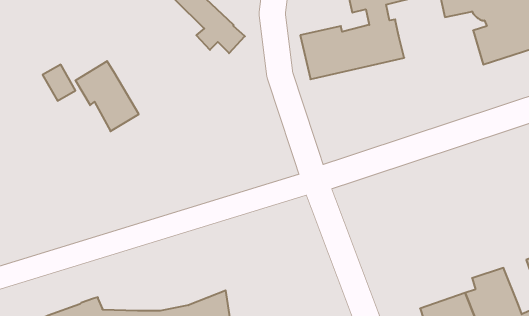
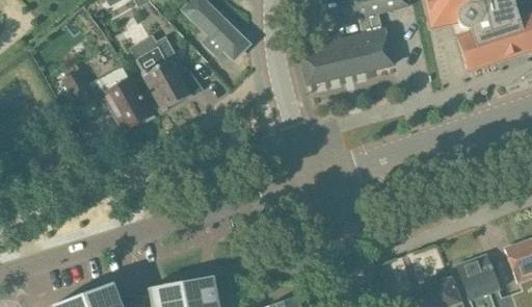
building: none -> [130,35,203,108]

